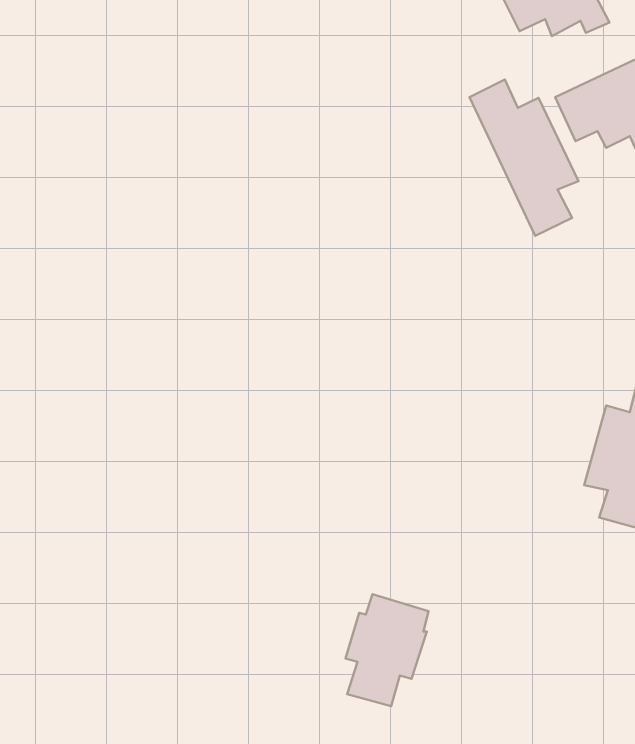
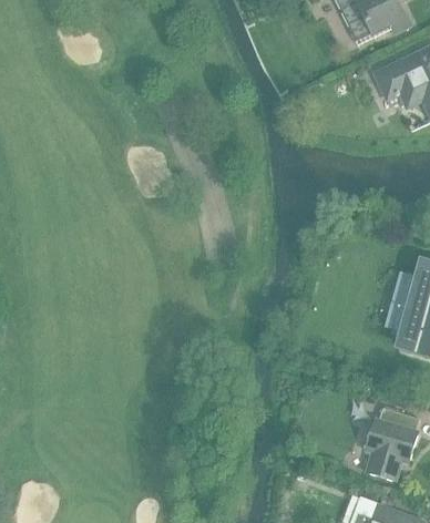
building: [469,79,579,236] -> none
building: [346,594,429,706] -> [364,406,418,479]

